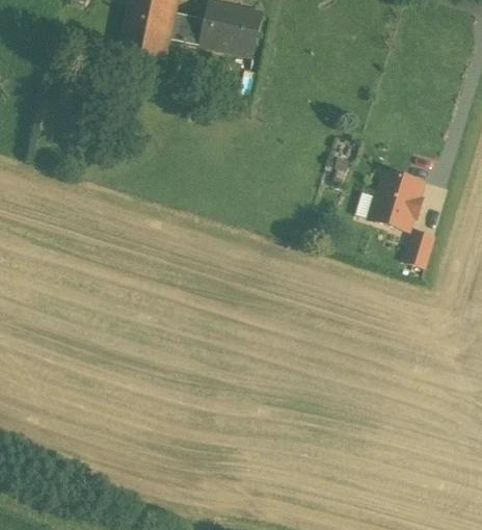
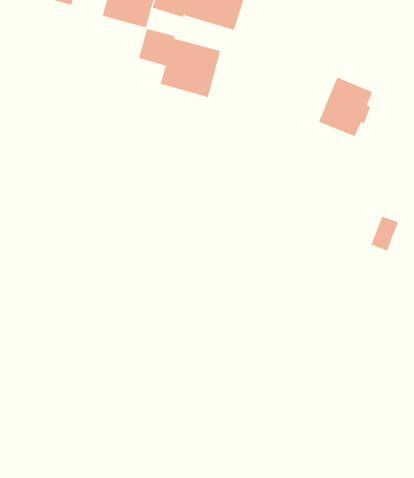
building: none -> [139,28,221,98]
building: [370,169,423,229] -> [318,77,373,137]

